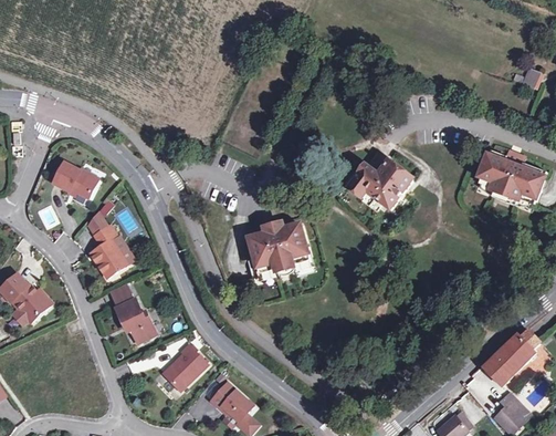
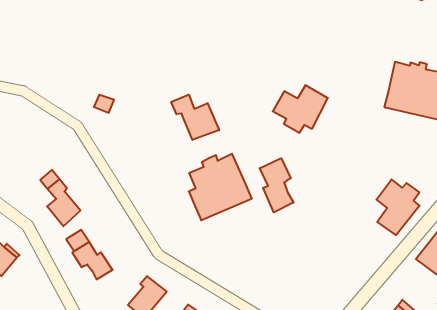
building: none -> [171,95,219,140]
building: [54,160,97,194] -> none
building: none -> [260,158,294,212]
building: none -> [376,179,420,235]

